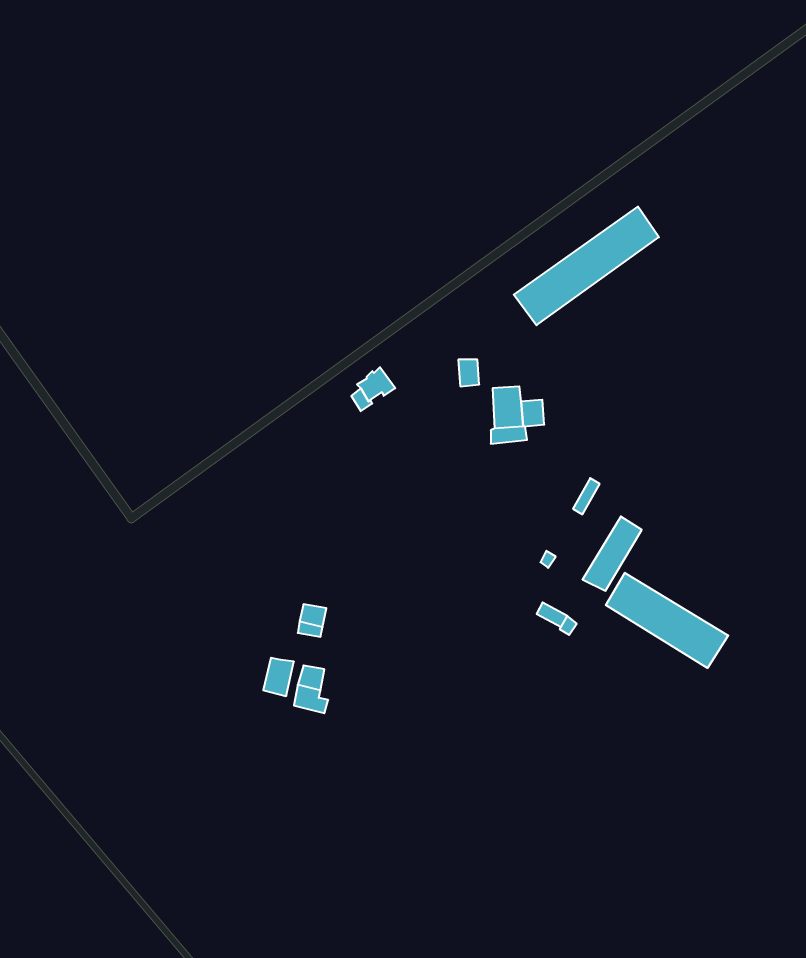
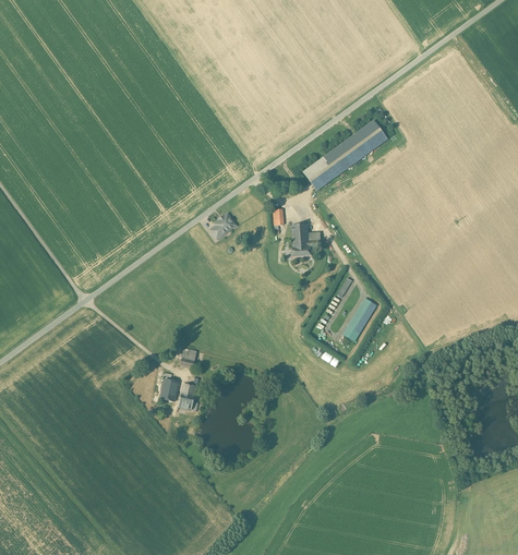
building: [606,573,728,668] -> none

